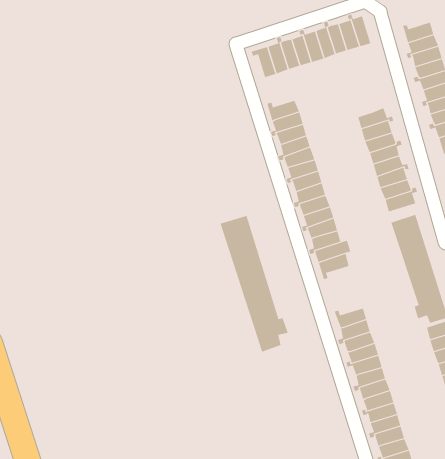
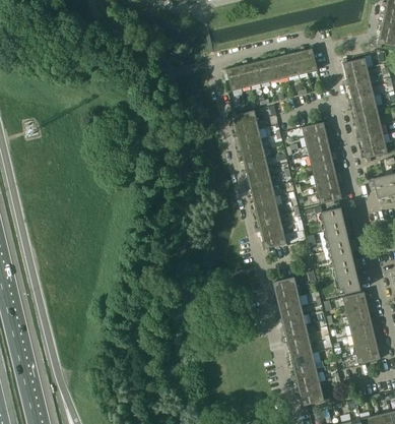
building: [220,215,288,352] -> none

